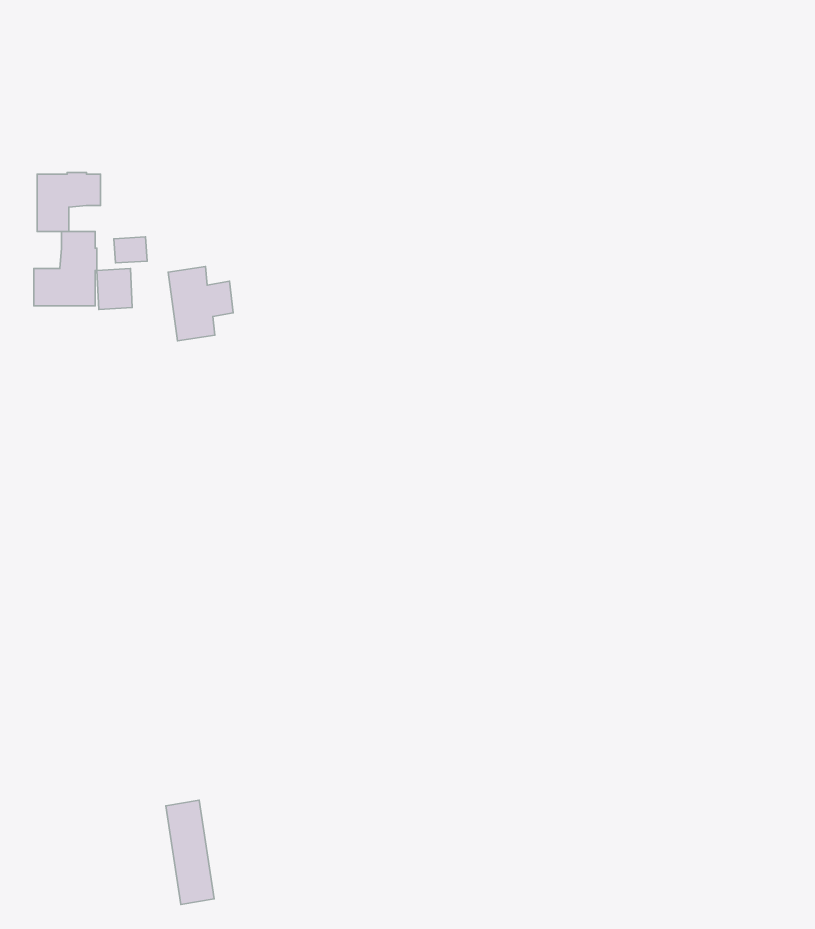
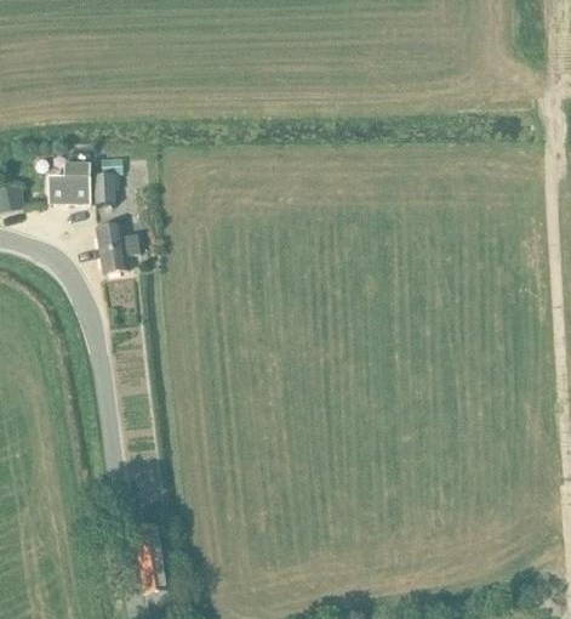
building: [37,173,101,231] -> none
building: [168,266,233,341] -> [96,225,138,273]

